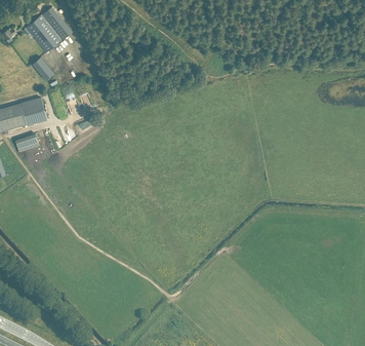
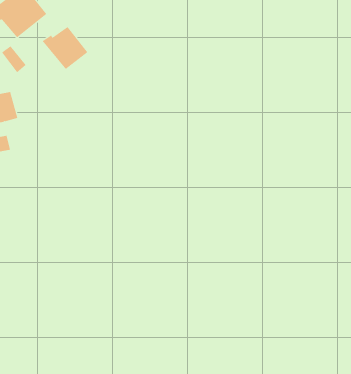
building: none -> [42,26,88,70]

